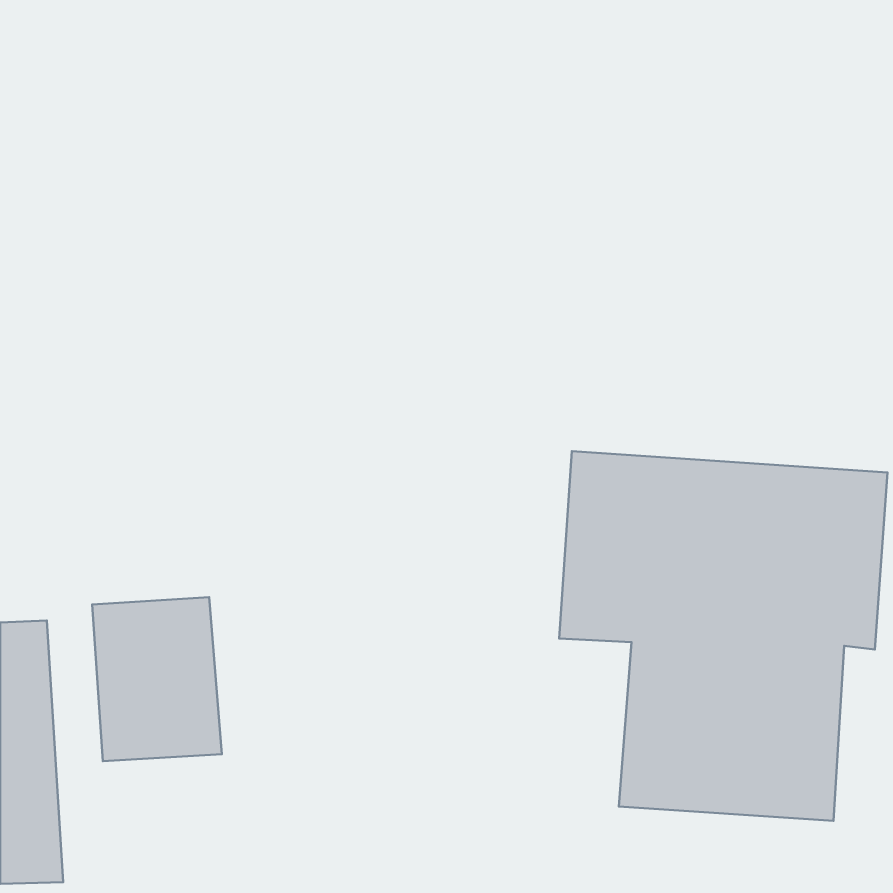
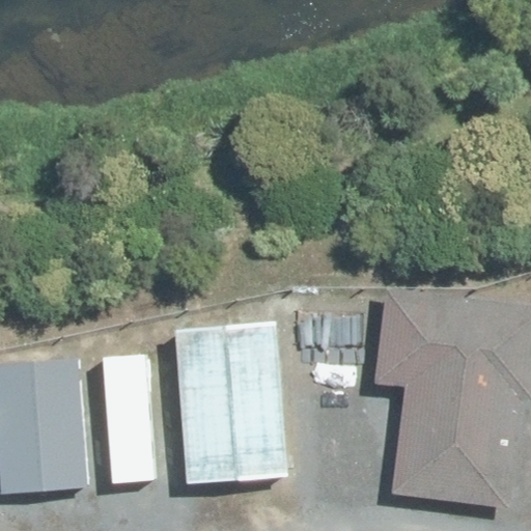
building: none -> [156,316,278,474]

